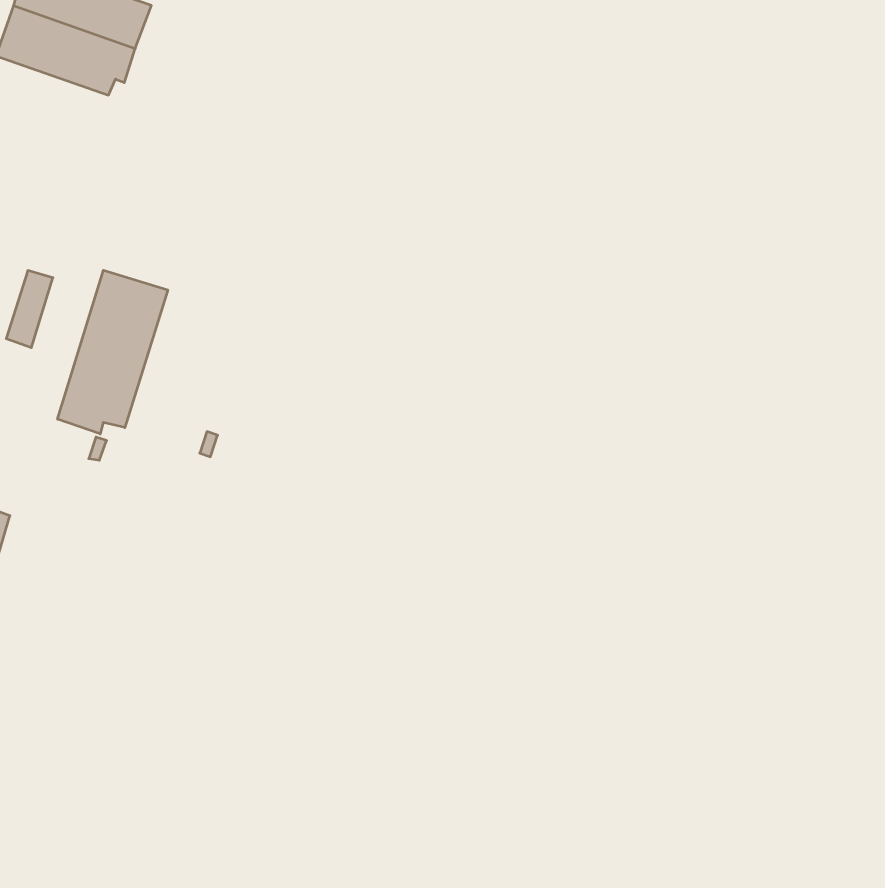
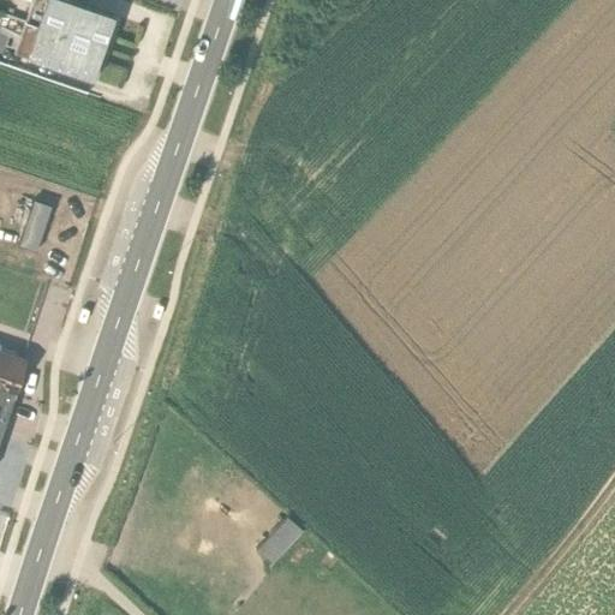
building: [58,270,168,434] -> none
building: none -> [256,519,300,565]

